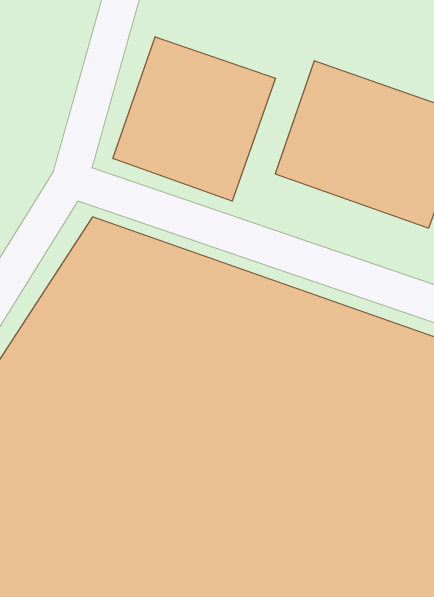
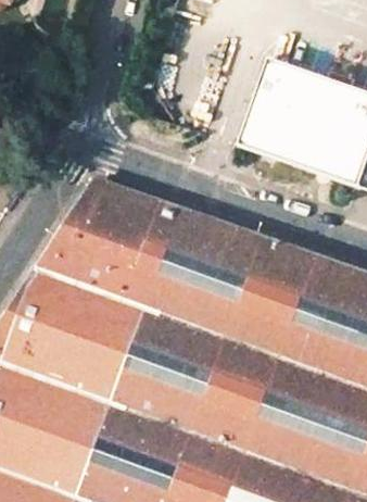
building: [113,37,275,201] -> none

